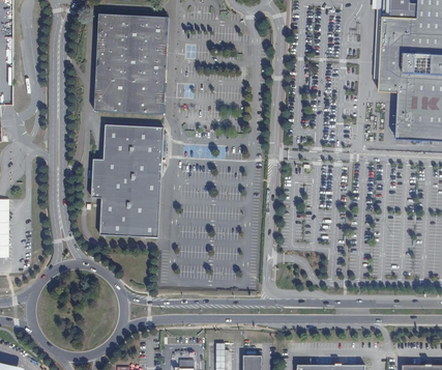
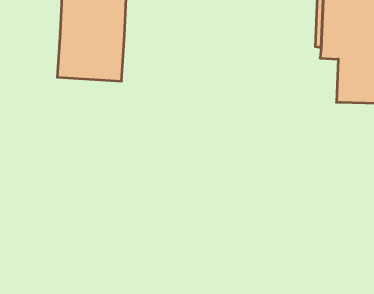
building: [91,123,164,236] -> none

